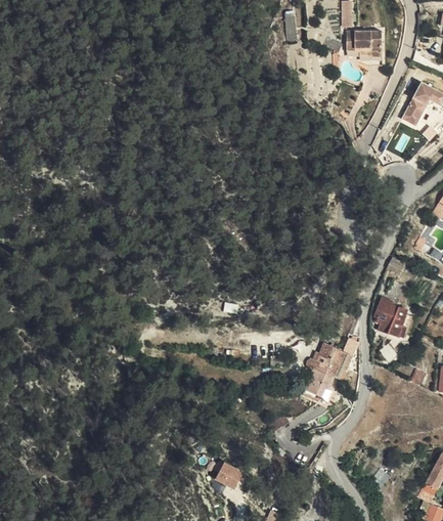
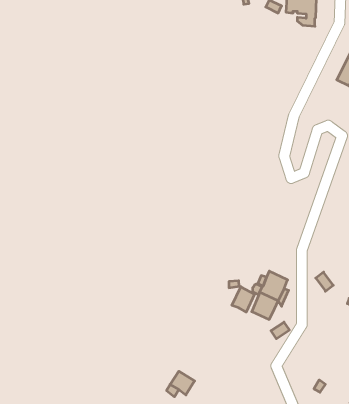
building: [374,297,411,339] -> none
building: none -> [232,287,255,312]

